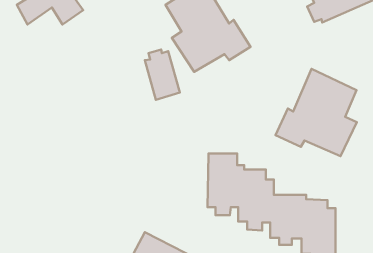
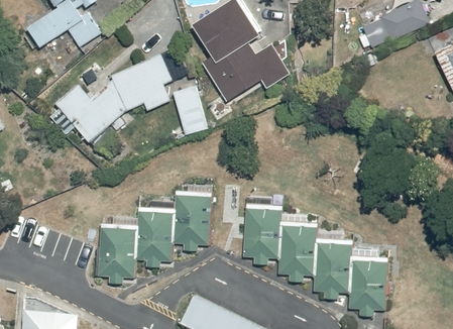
building: none -> [55,53,174,142]
building: [275,69,357,156] -> none
building: none -> [94,181,210,282]

